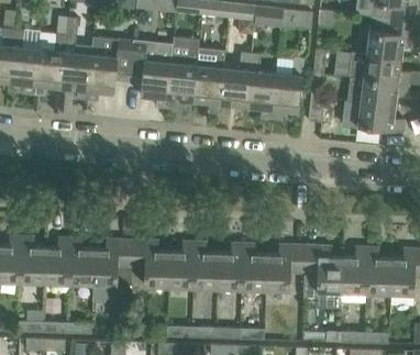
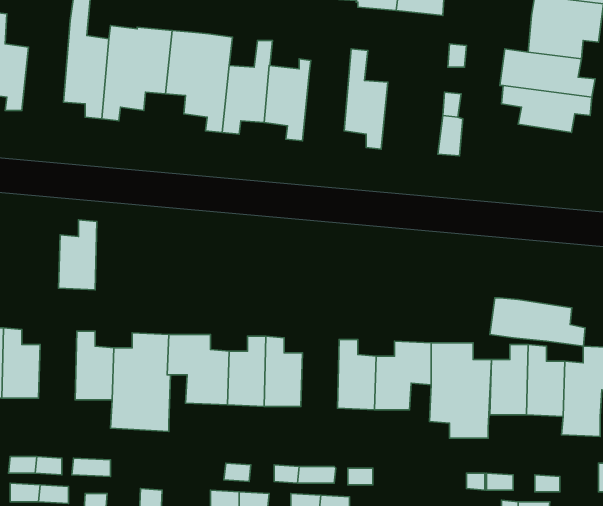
building: [34,32,66,93] -> none
building: [219,51,251,113] -> none
building: [270,56,305,119] -> none
building: [342,100,405,132] -> [490,298,585,346]
building: [45,236,70,282] -> [59,220,97,290]
building: [218,242,243,288] -> none

